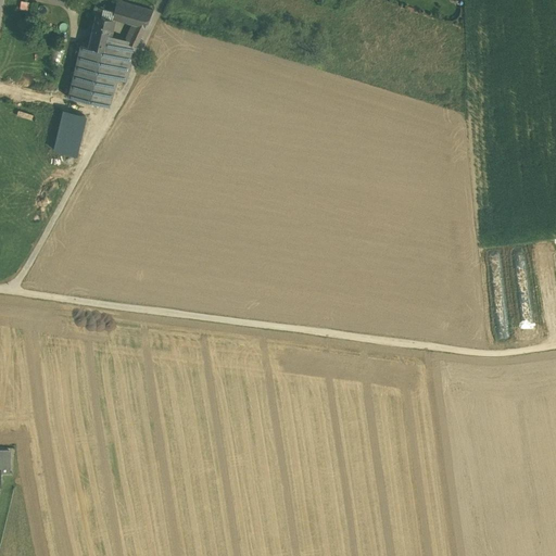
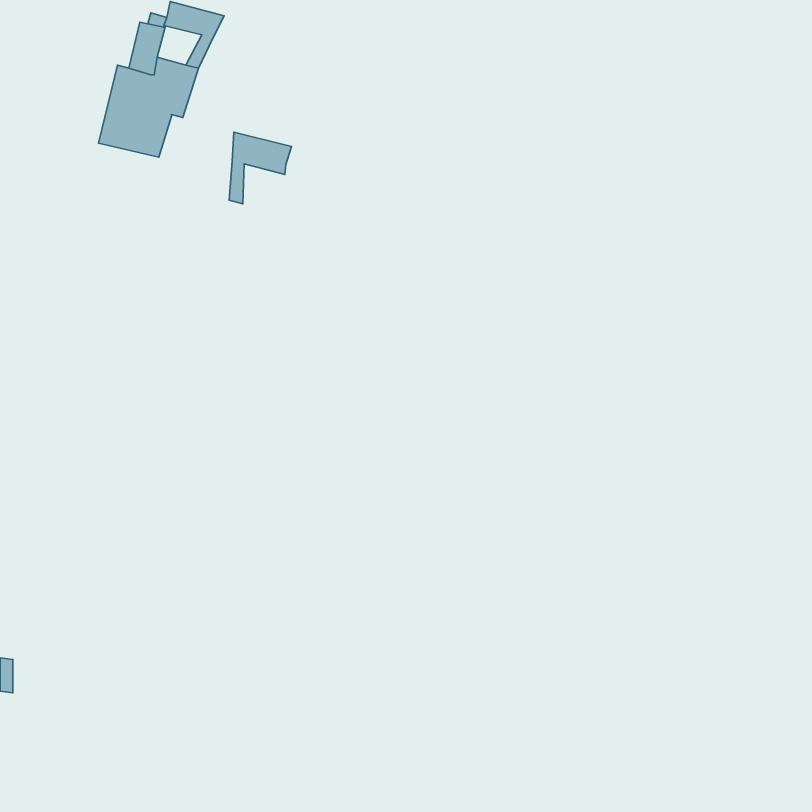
building: none -> [229,132,292,204]
building: [54,111,85,154] -> none

